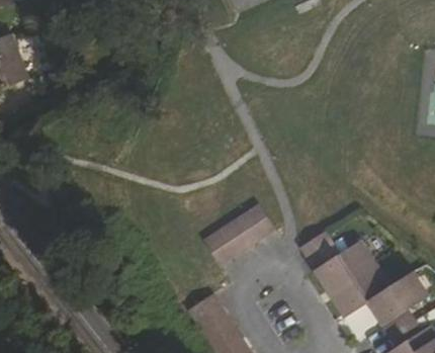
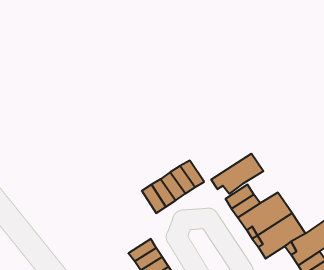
building: none -> [211,154,263,194]

